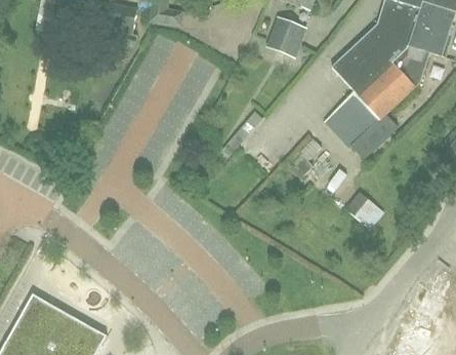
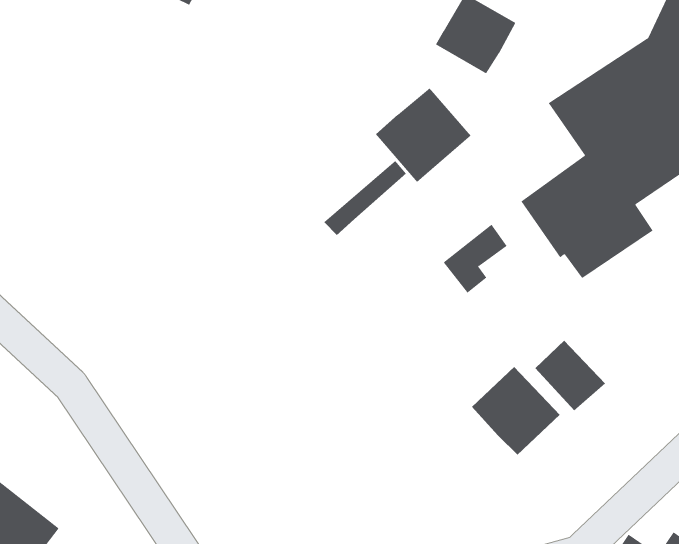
building: none -> [375,87,471,183]
building: none -> [471,366,560,456]

